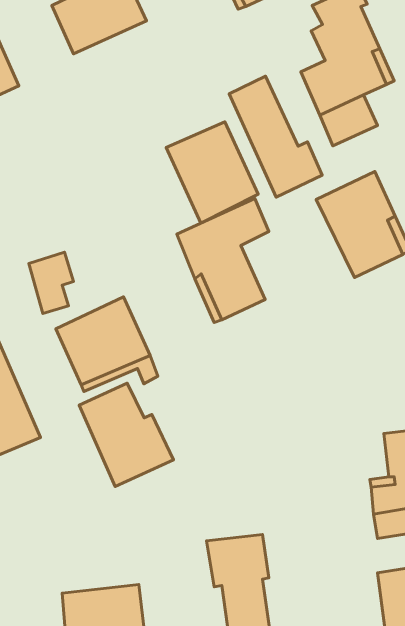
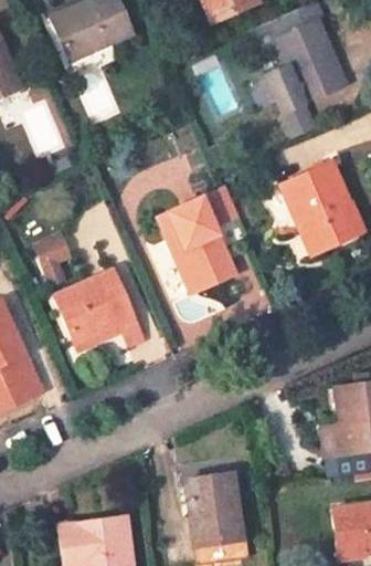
building: [229,76,322,197] -> none
building: [166,122,258,223] -> none
building: [79,383,173,486] -> none

